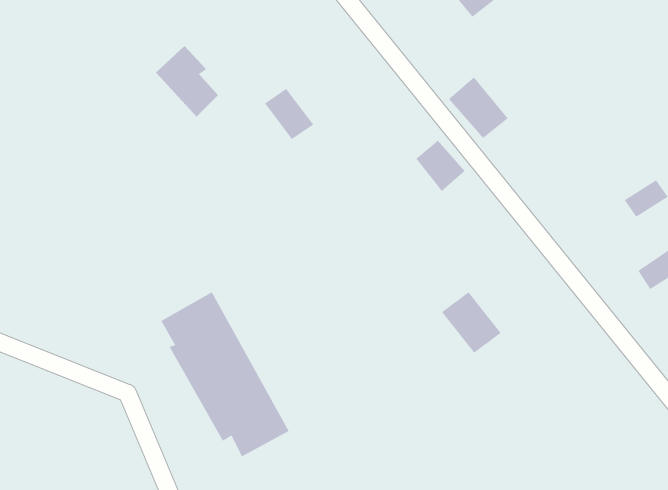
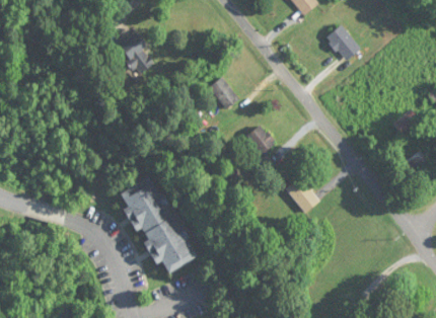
building: [448,77,509,139] -> [325,24,361,61]
building: [264,88,314,140] -> [209,78,238,108]
building: [416,140,466,192] -> [246,125,276,155]

